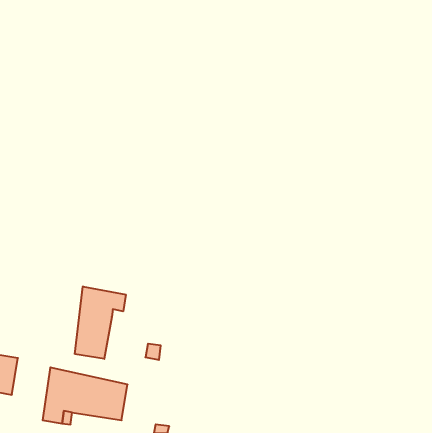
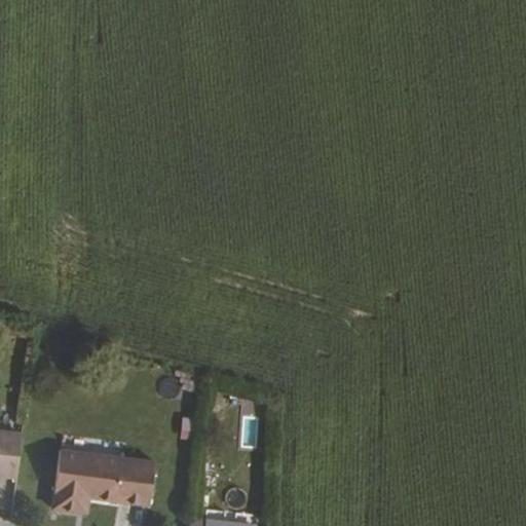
building: [75,286,126,359] -> none

